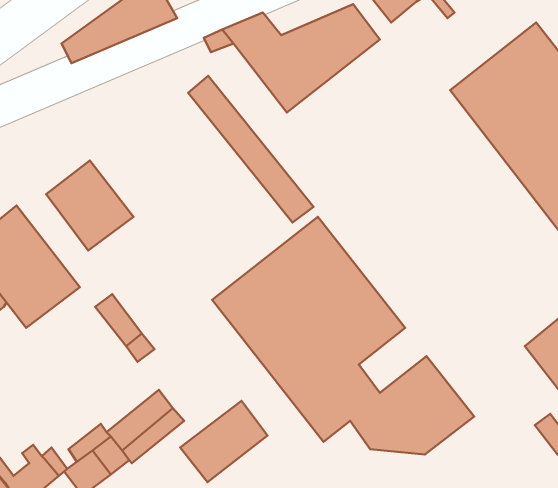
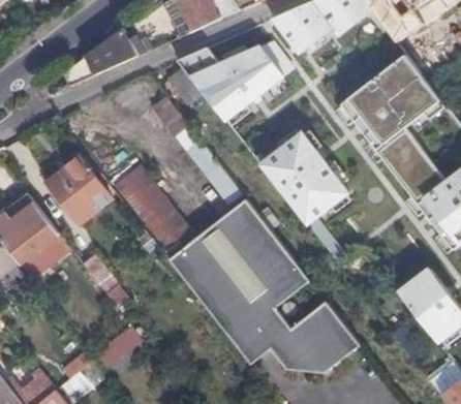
building: none -> [255,130,343,267]
building: none -> [114,164,190,250]
building: [180,401,267,482] -> none

